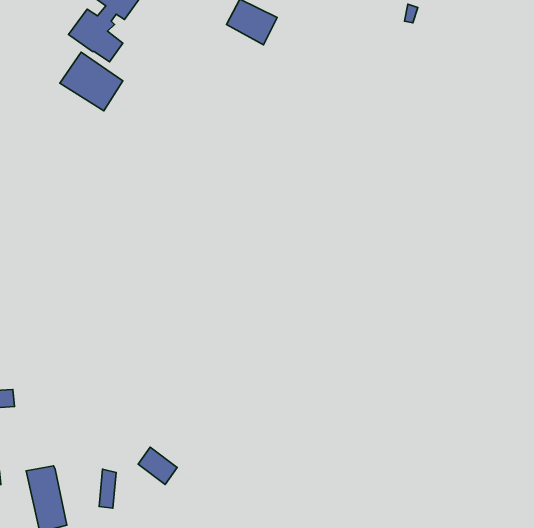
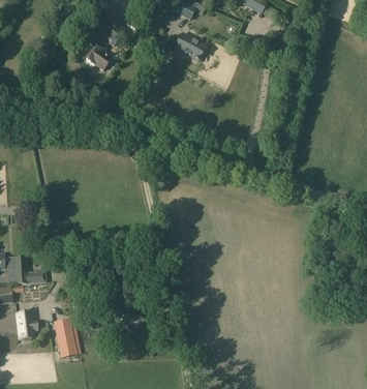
building: [60,52,123,111] -> none

